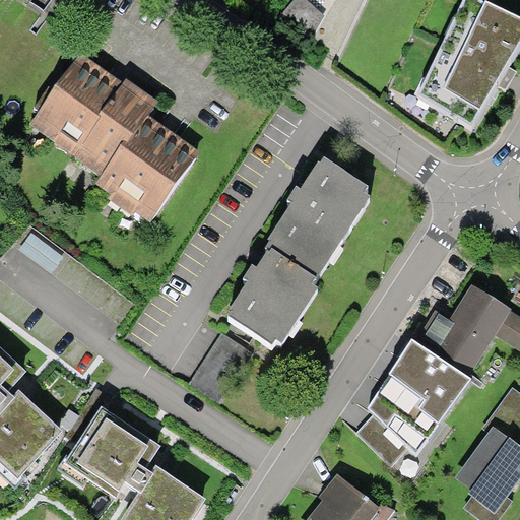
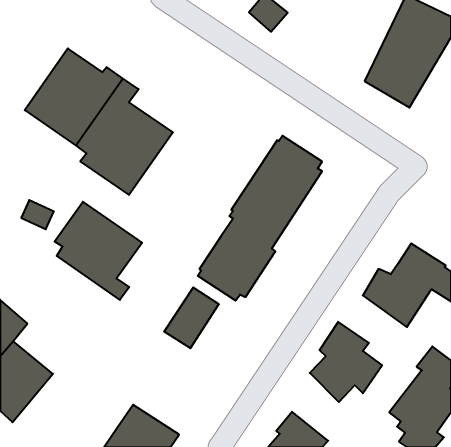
building: none -> [55,202,142,300]
building: [389,337,470,420] -> none
building: [63,406,165,500] -> none

